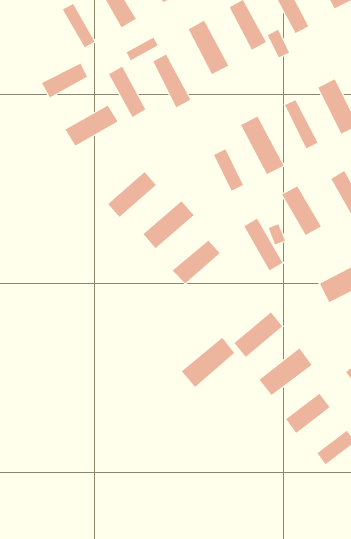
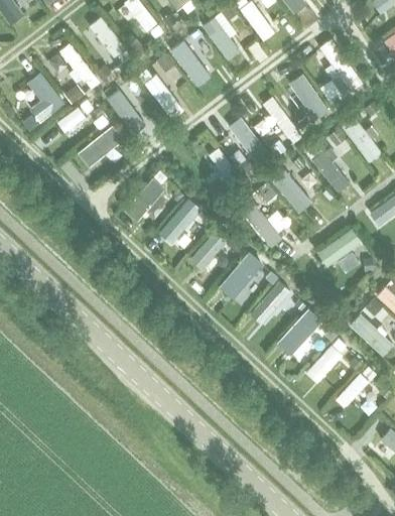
building: none -> [26,71,64,122]
building: [181,337,235,388] -> [219,252,263,299]

